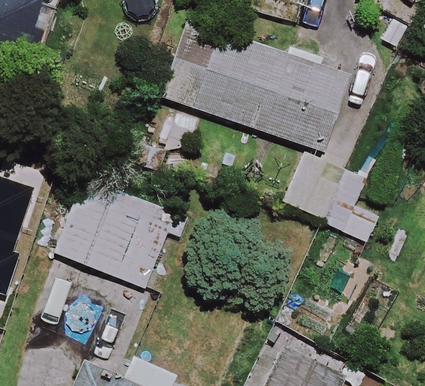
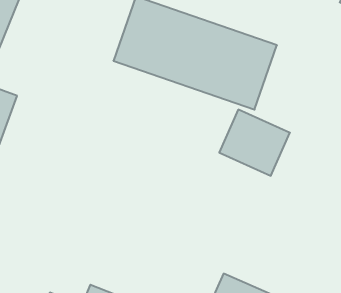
building: [54,176,173,286] -> none

